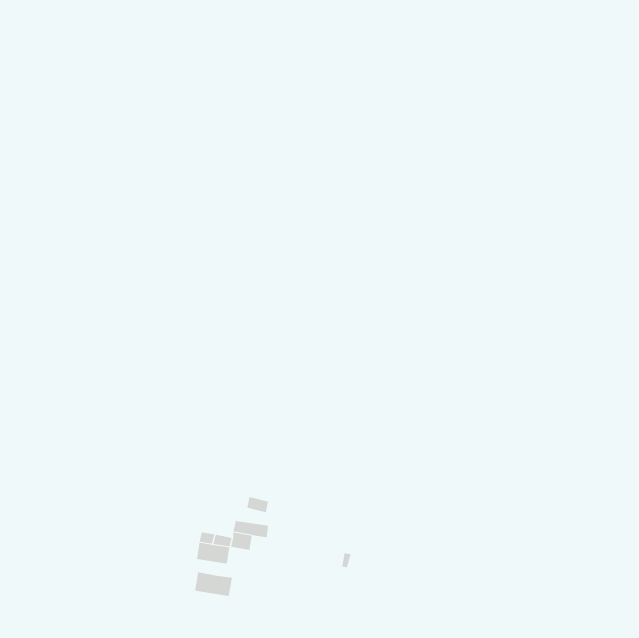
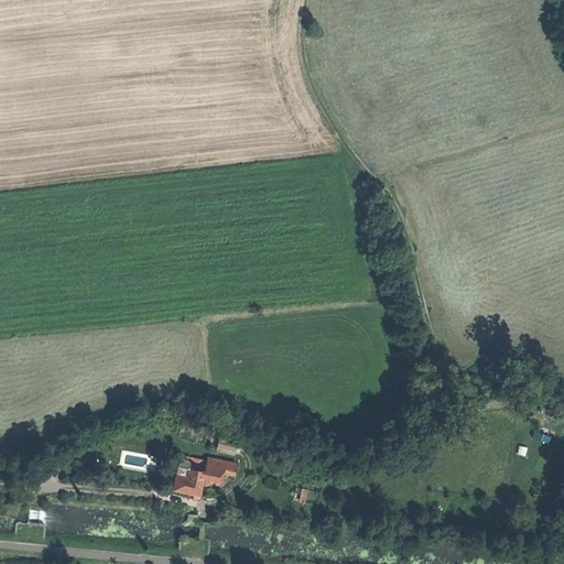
building: [194,572,232,597] -> none

